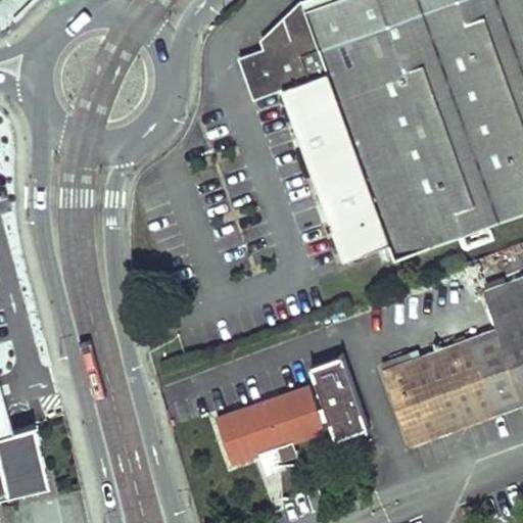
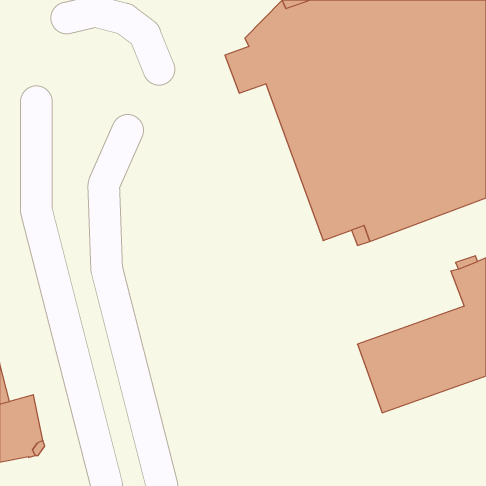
building: [217,353,371,463] -> none

